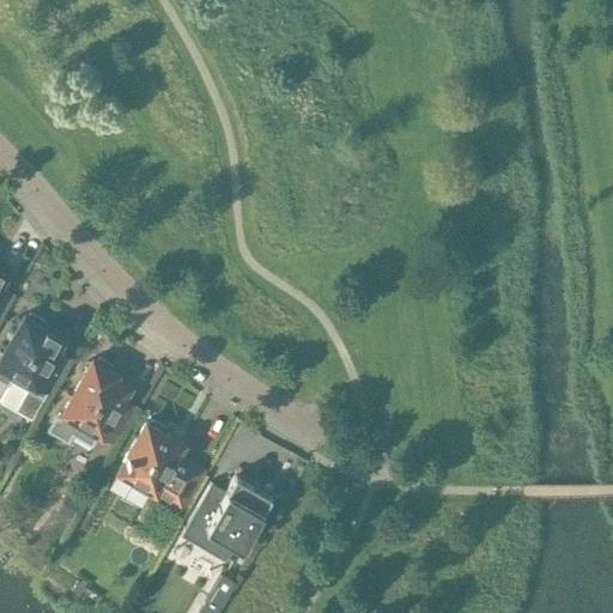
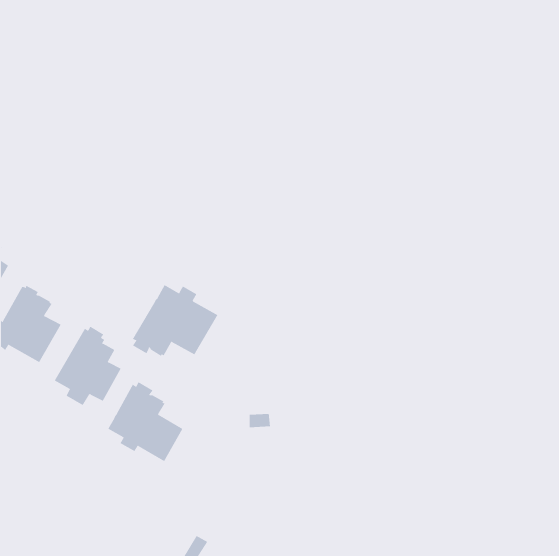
building: none -> [132,284,218,357]
building: [184,478,272,563] -> none

